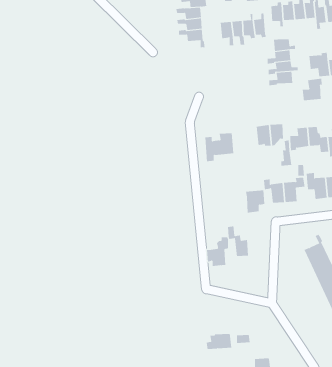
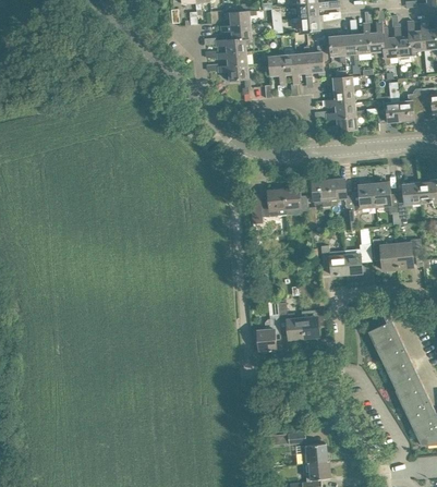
building: [302,78,322,101] -> none
building: none -> [283,188,308,215]
building: [245,190,265,213] -> [301,309,325,338]
building: [206,333,232,350] -> [295,443,327,463]

